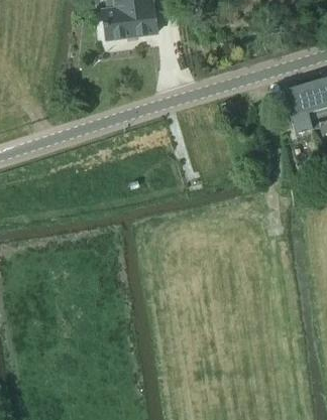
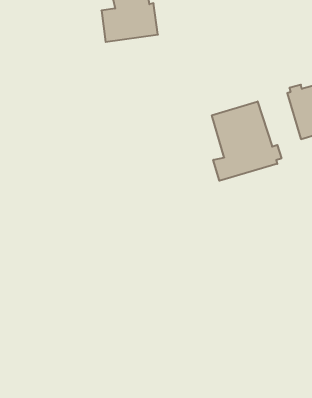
building: none -> [212,101,281,181]

